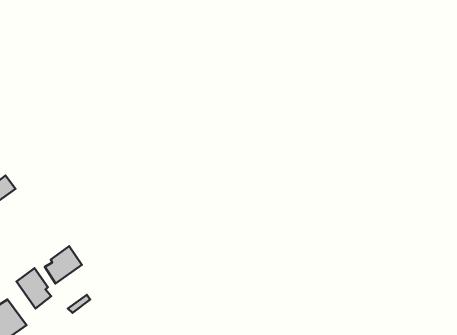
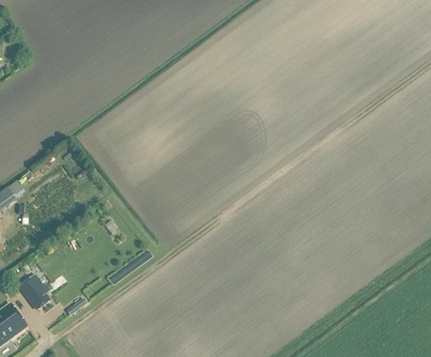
building: [45,246,82,283] -> none

